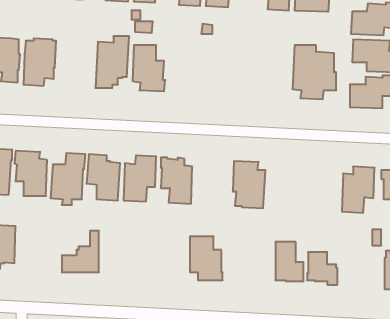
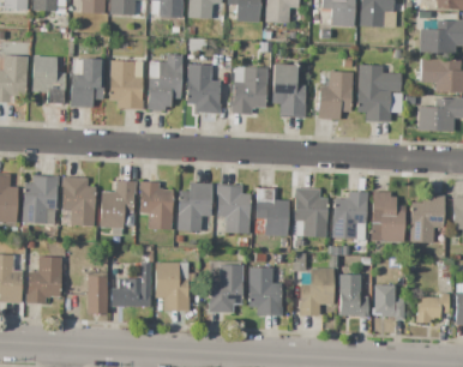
building: none -> [110,60,144,110]
building: none -> [273,64,306,118]
building: none -> [232,66,269,114]
building: none -> [318,71,354,120]
building: none -> [255,188,290,237]
building: none -> [332,191,368,240]
building: none -> [372,191,405,242]
building: none -> [209,261,243,313]
building: none -> [156,263,188,311]
building: none -> [300,269,333,315]
building: none -> [88,272,107,313]
building: none -> [416,293,450,323]

